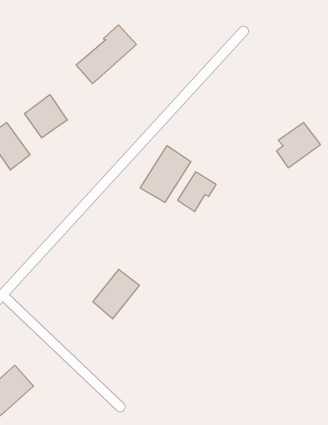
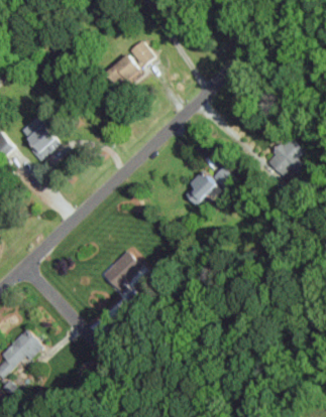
building: [24,95,67,138] -> none
building: [140,146,191,202] -> none

